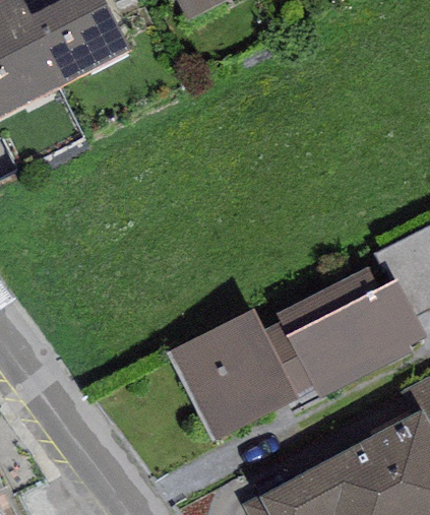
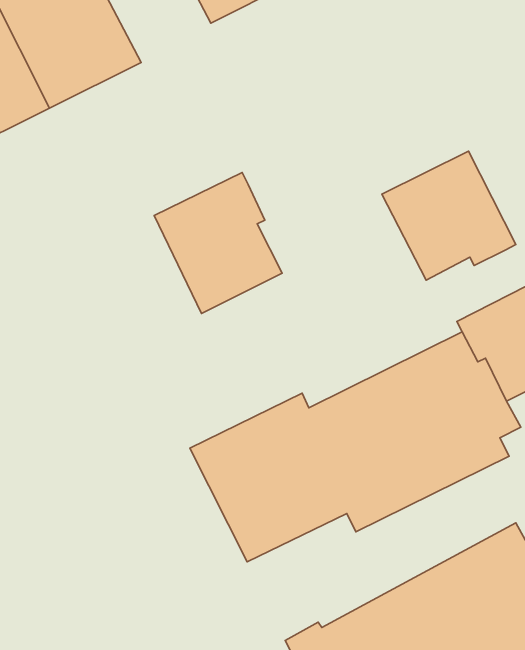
building: none -> [382,151,516,280]
building: none -> [154,173,282,313]

